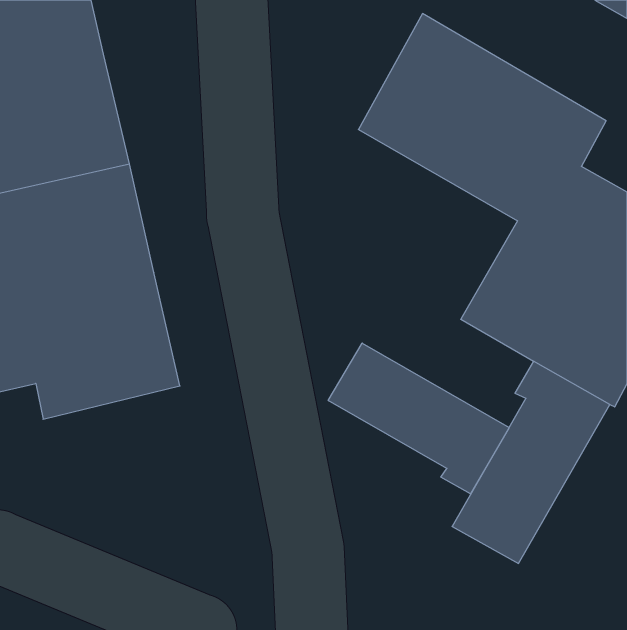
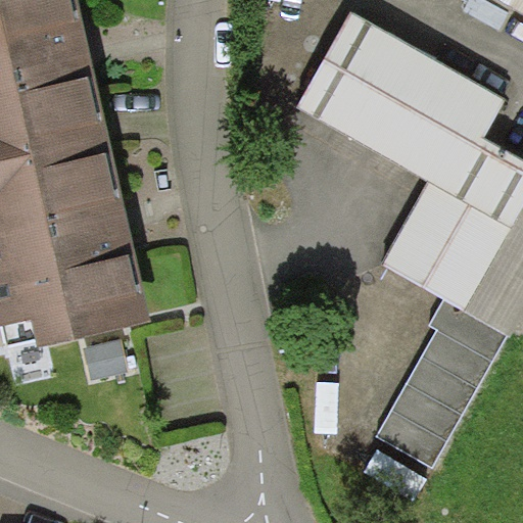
building: [328,343,509,494] -> none

